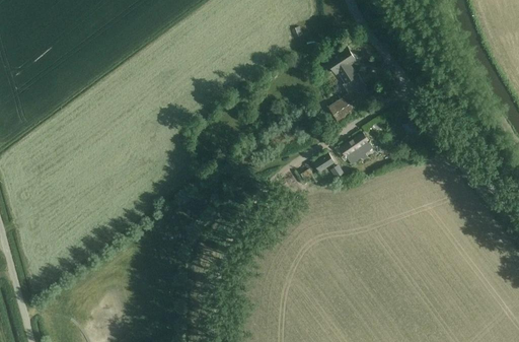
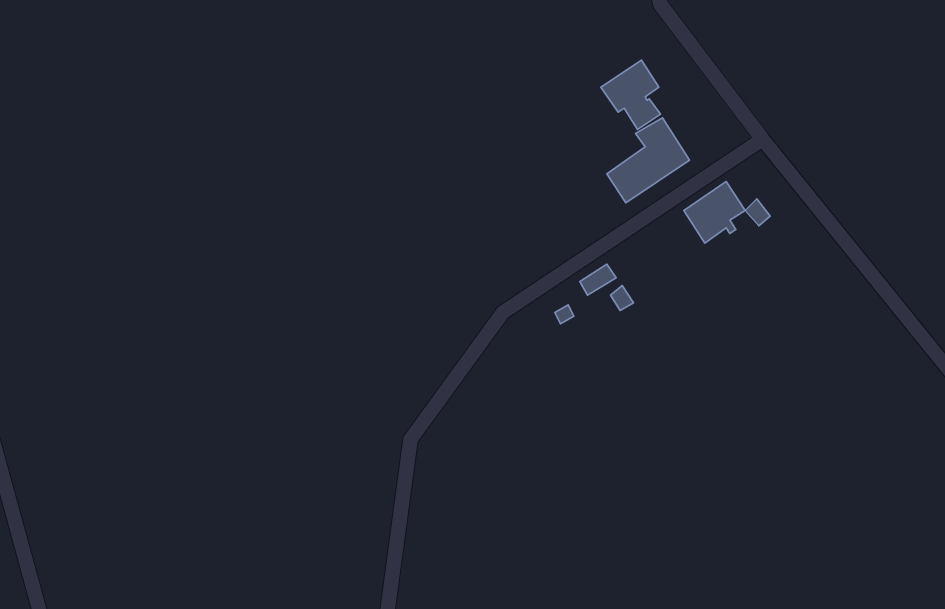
building: [339,132,371,164] -> [684,181,745,243]

